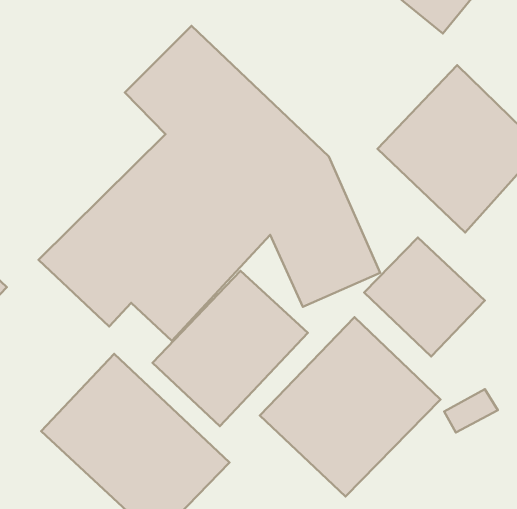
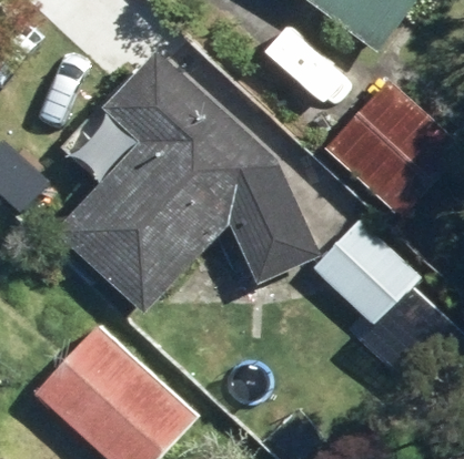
building: [152,271,308,426] -> none
building: [260,317,440,496] -> none

